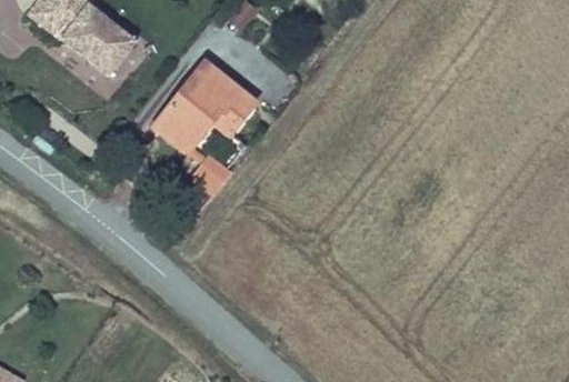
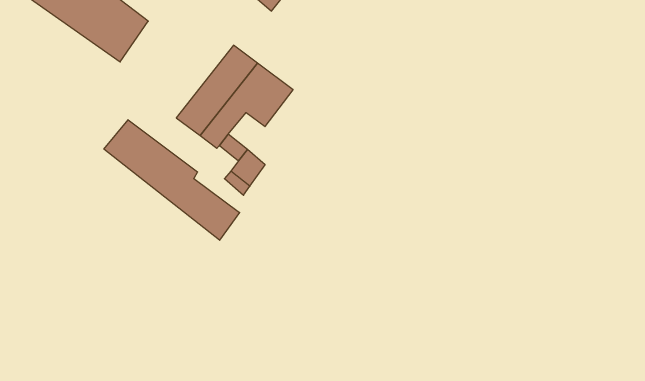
building: none -> [104,120,240,240]

